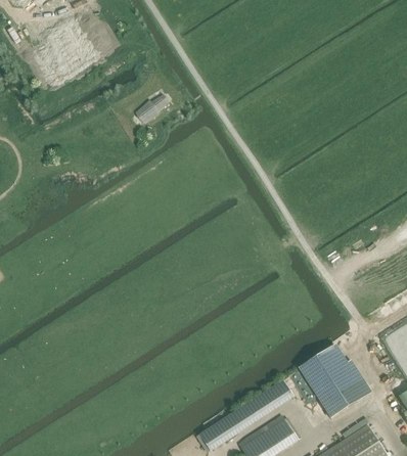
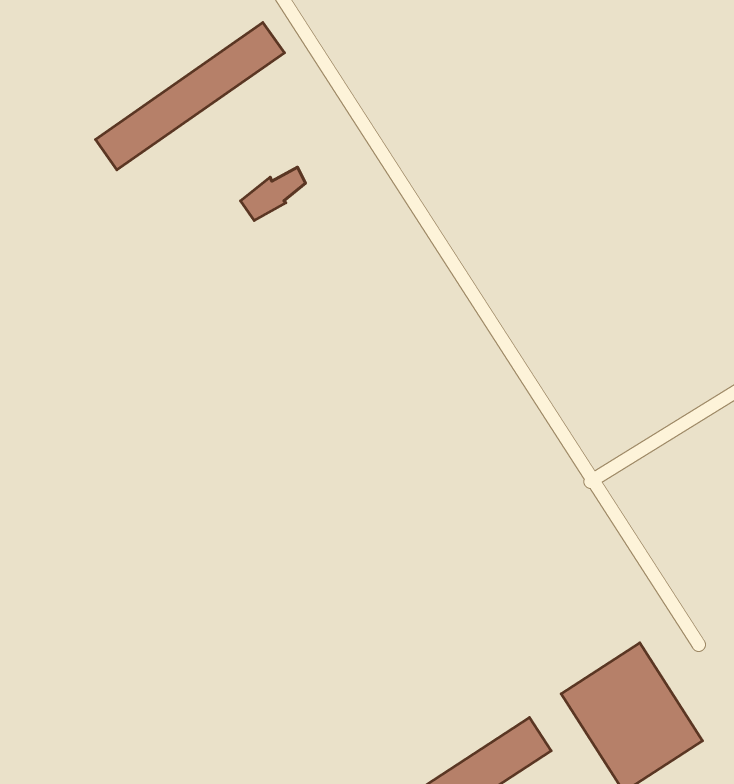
building: none -> [95,22,284,170]

